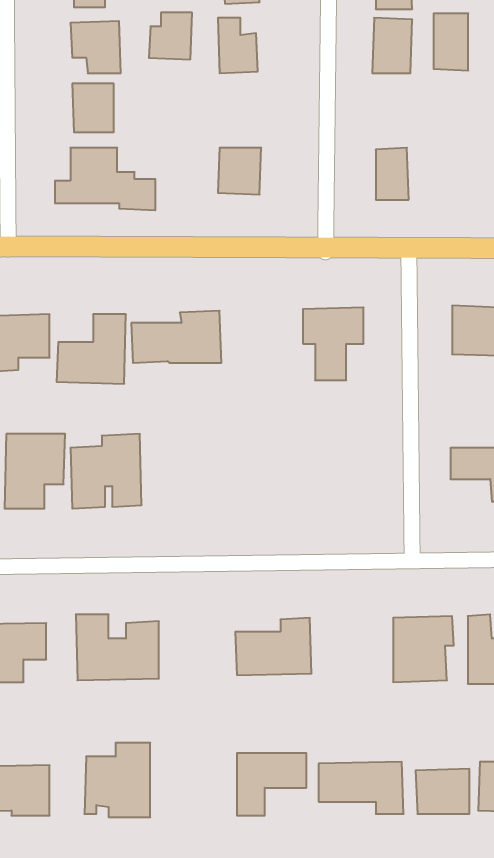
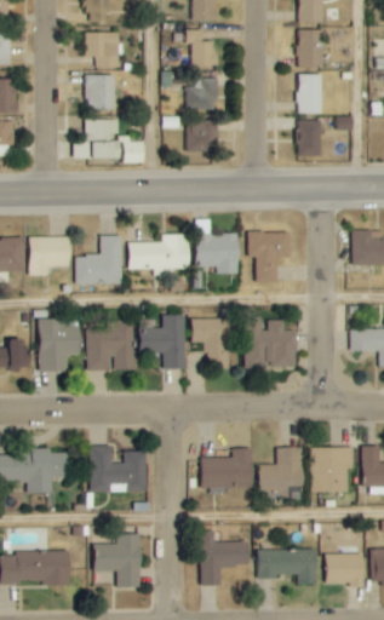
building: [149,13,192,59] -> [187,78,217,110]
building: [434,13,468,71] -> [297,74,321,114]
building: none -> [195,234,239,274]
building: none -> [139,315,185,369]
building: none -> [191,318,229,368]
building: none -> [243,320,297,367]
building: none -> [258,447,303,498]

